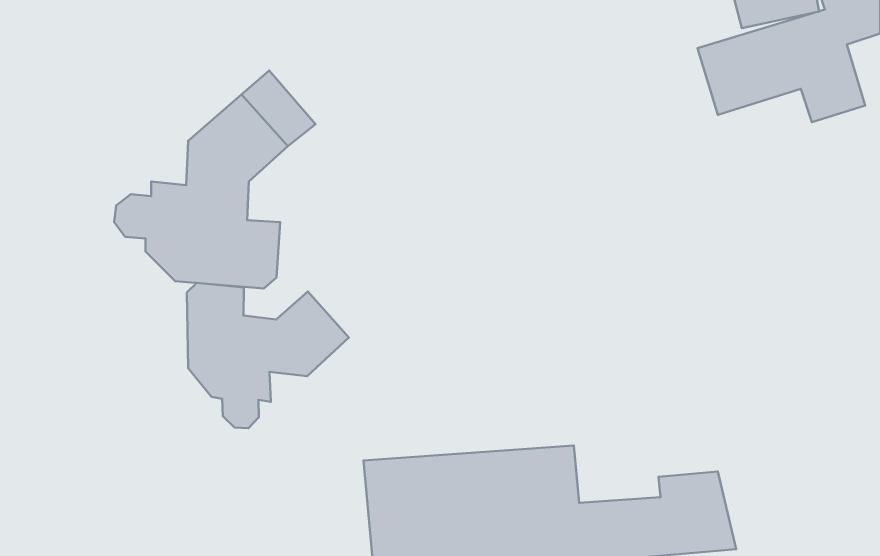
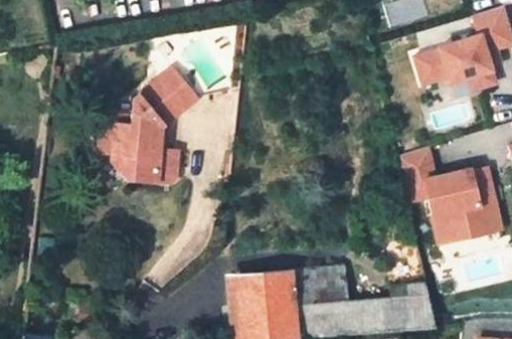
building: none -> [401,147,506,245]
building: [187,283,349,428] -> none

